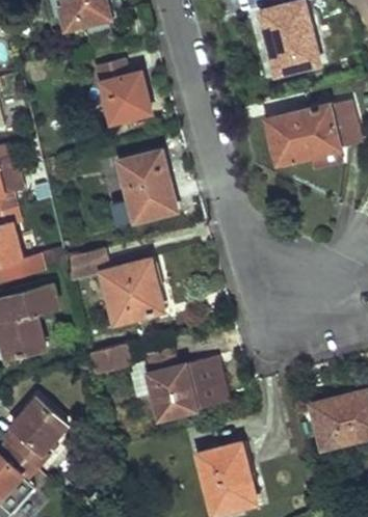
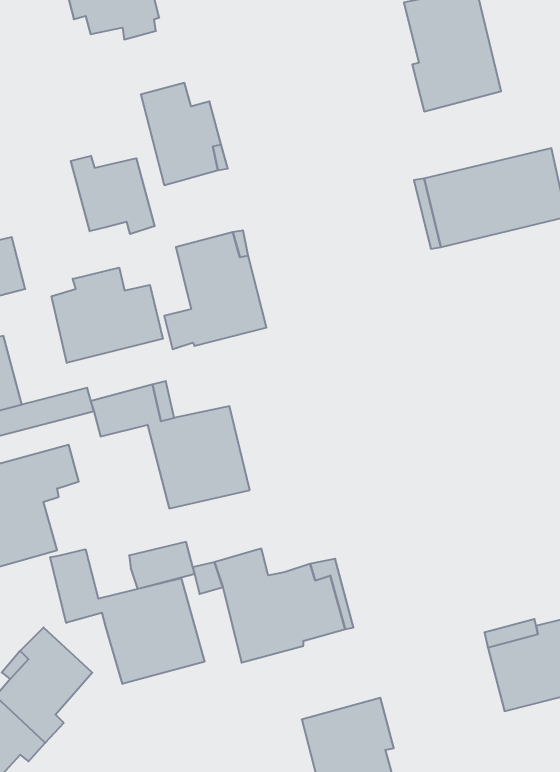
building: none -> [71,156,155,234]
building: none -> [51,268,163,363]
building: none -> [50,549,205,684]

